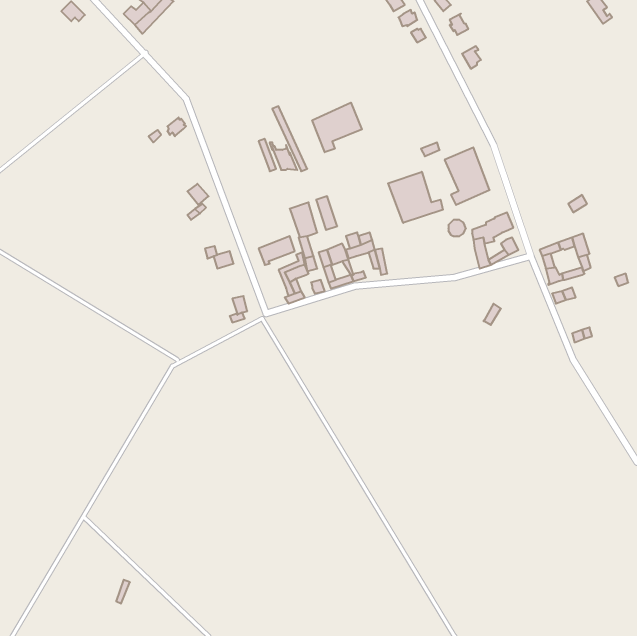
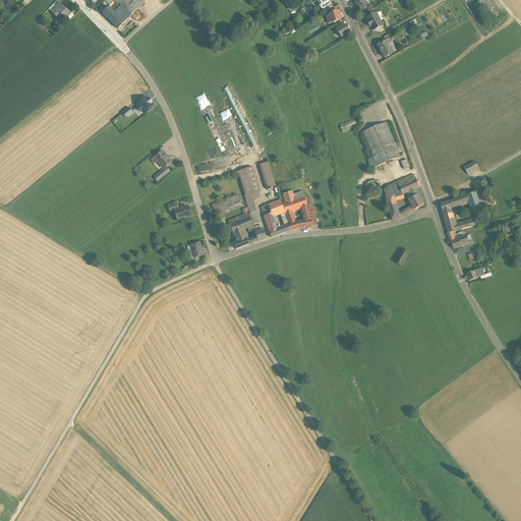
building: [312,103,362,152] -> none
building: [388,172,443,223] -> none

